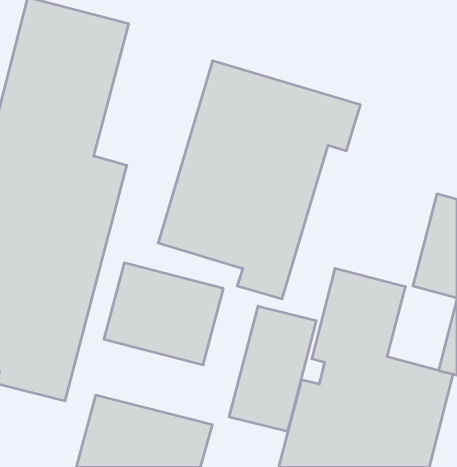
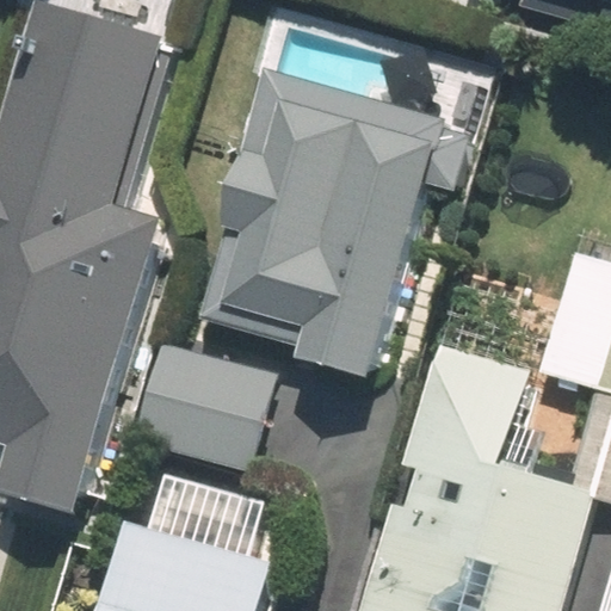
building: [229,306,316,432] -> none

